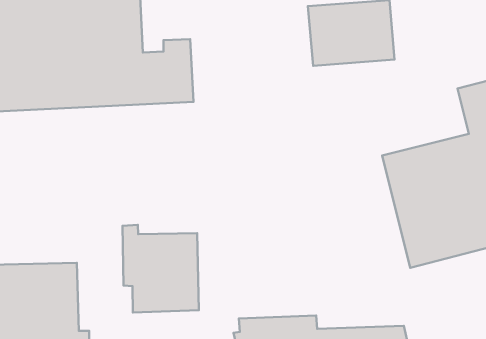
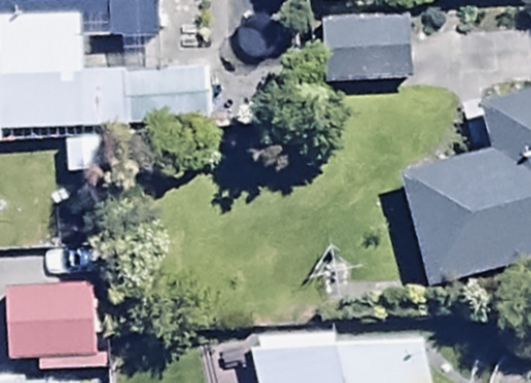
building: [123,225,199,312] -> none

